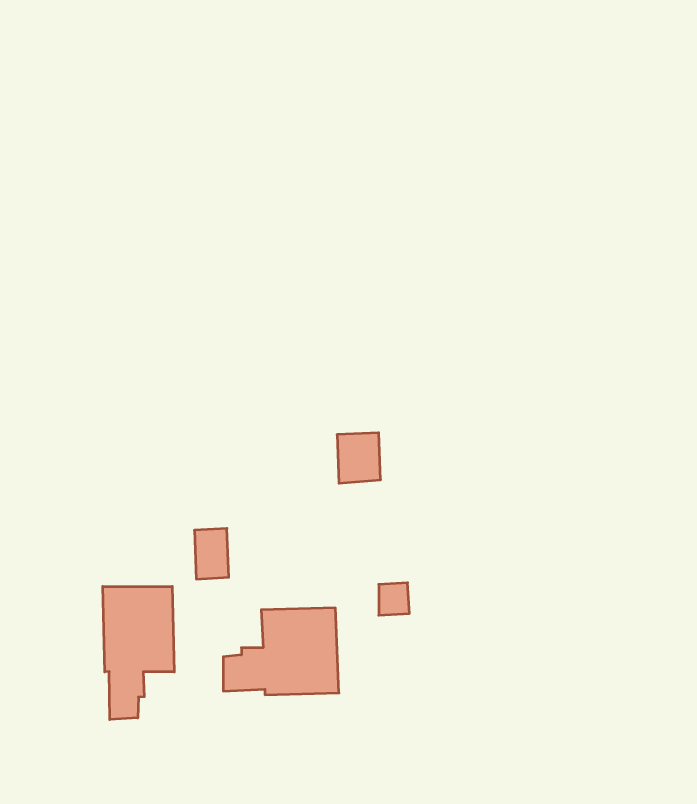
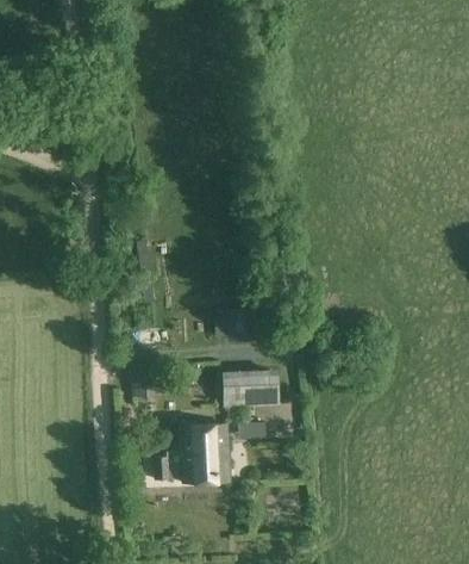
building: none -> [221,370,279,409]
building: [103,586,174,720] -> none

